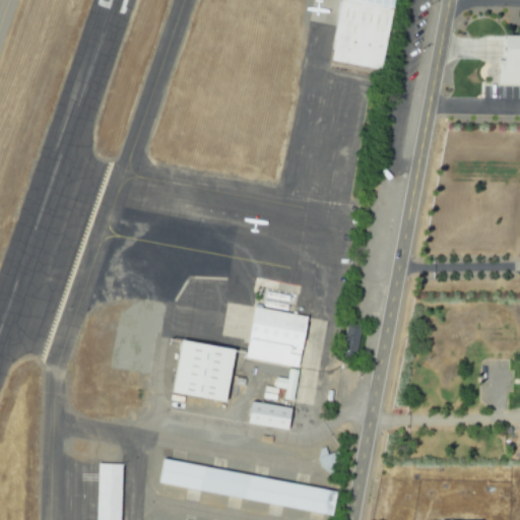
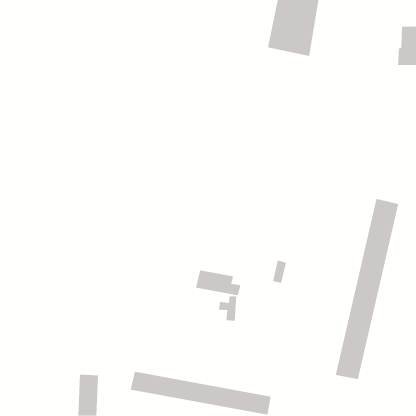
building: none -> [335,198,399,380]
building: [254,306,309,354] -> none
building: [170,338,236,400] -> none
building: [244,399,291,430] -> none

